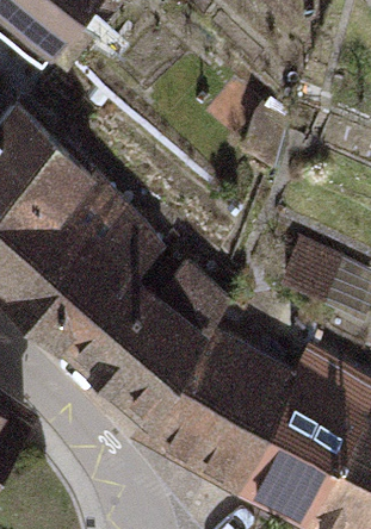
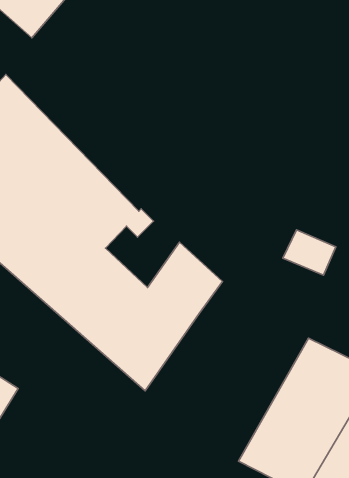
building: [138,342,307,485] -> none

